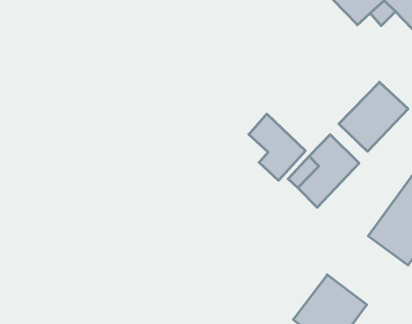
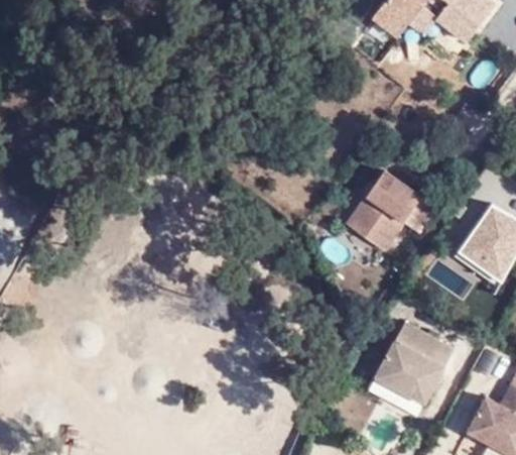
building: [339,82,408,151] -> none
building: [249,114,305,180] -> none

